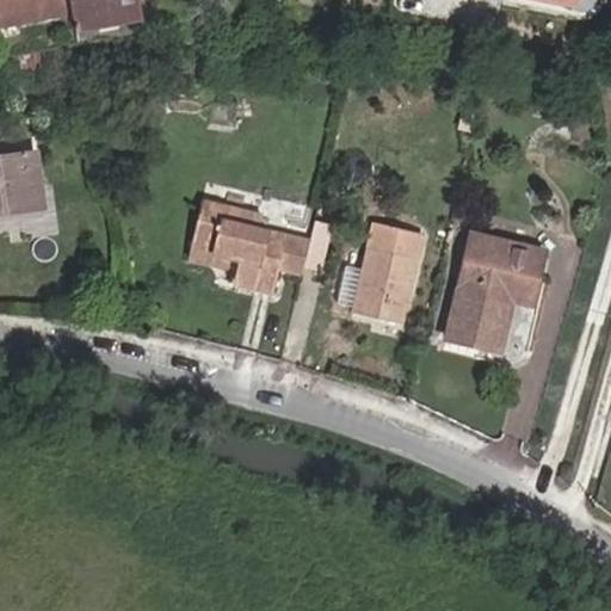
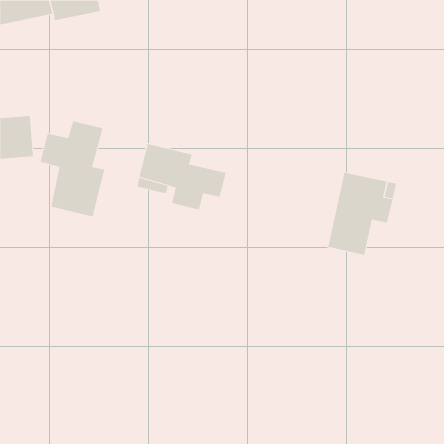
building: none -> [40,120,105,217]
building: [338,222,422,322] -> none

